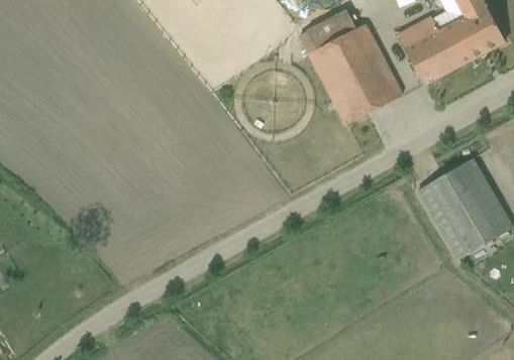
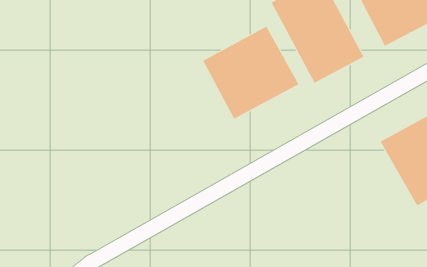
building: none -> [203,26,299,119]

